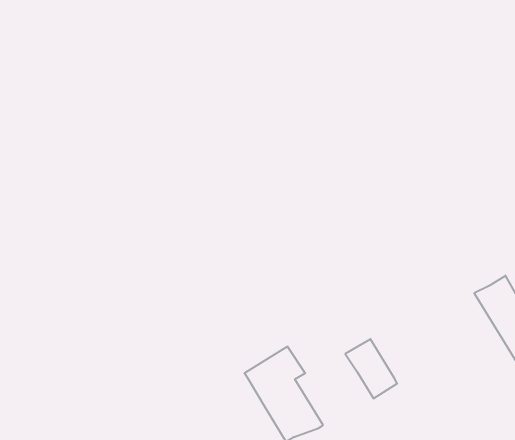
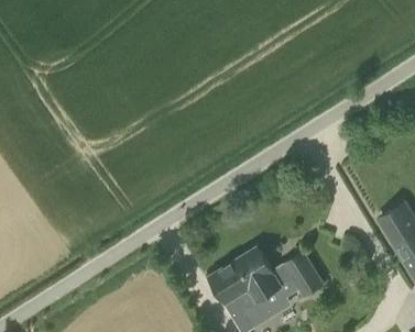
building: none -> [240,247,292,317]

